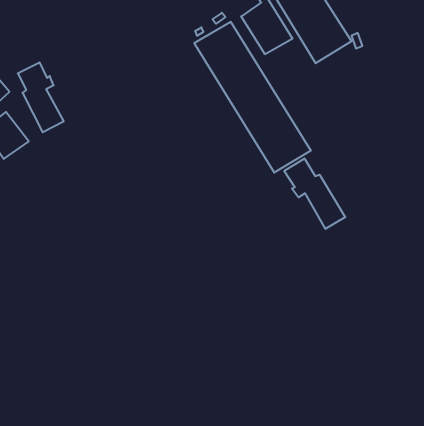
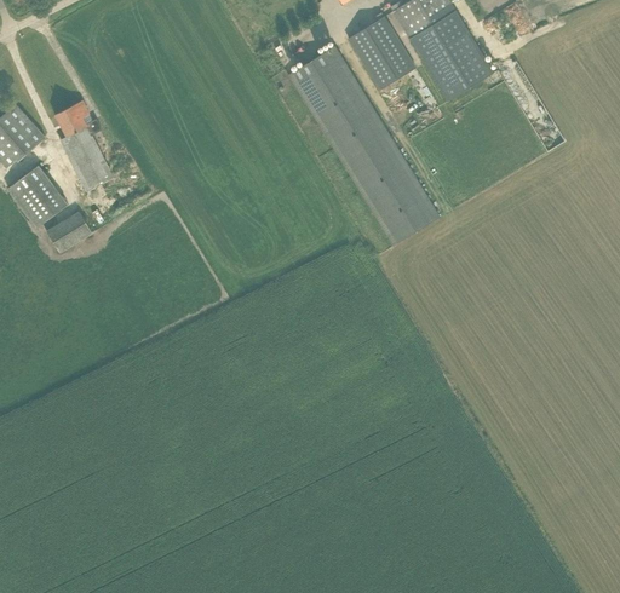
building: none -> [47,209,92,251]
building: [284,158,345,229] -> none

